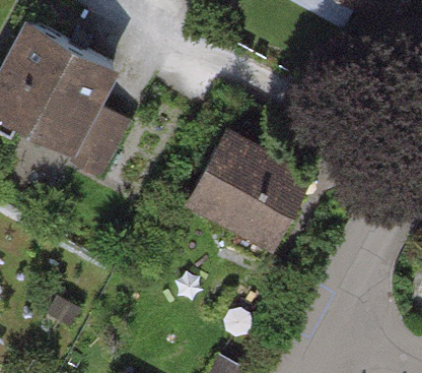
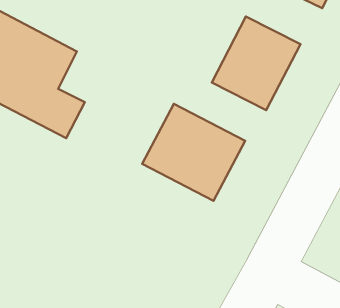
building: none -> [212,17,300,110]

